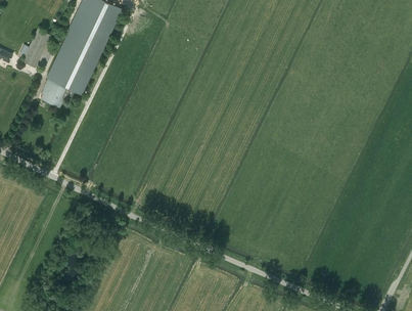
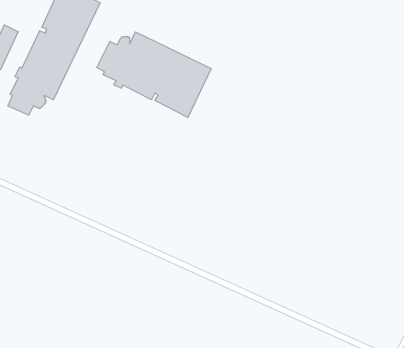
building: none -> [97,32,211,118]

